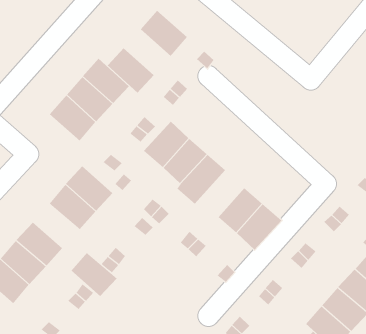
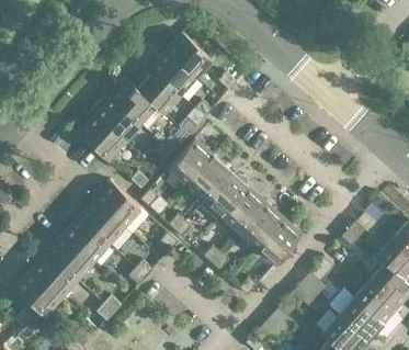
building: none -> [149,52,194,95]
building: none -> [221,187,264,232]
building: [70,252,118,297] -> [63,218,107,261]

